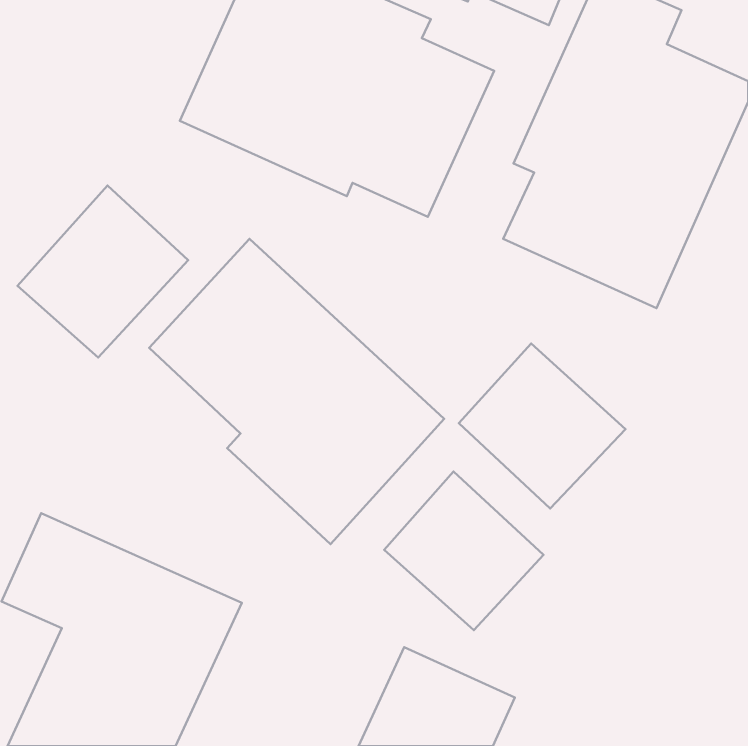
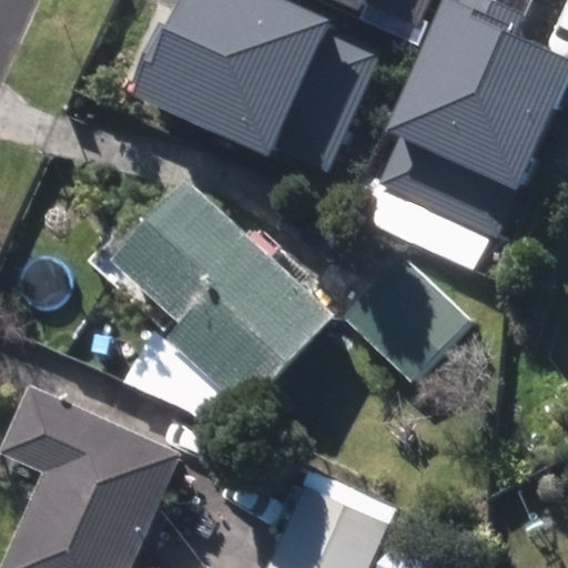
building: [17,186,188,357] -> none
building: [384,471,544,630] -> none

